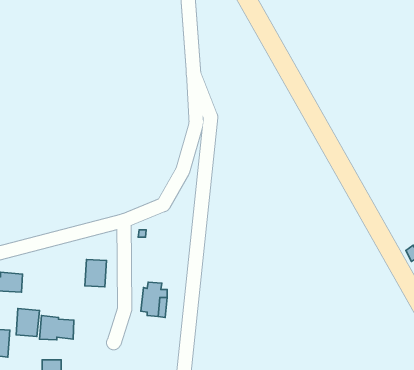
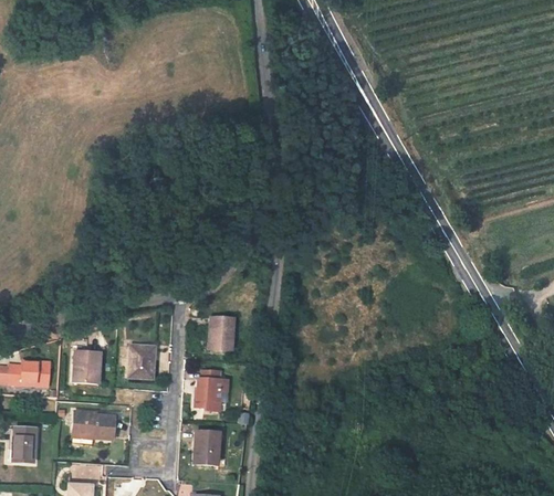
building: none -> [209,316,233,348]
building: [16,309,40,337] -> [73,346,102,380]
building: none -> [192,432,219,464]

